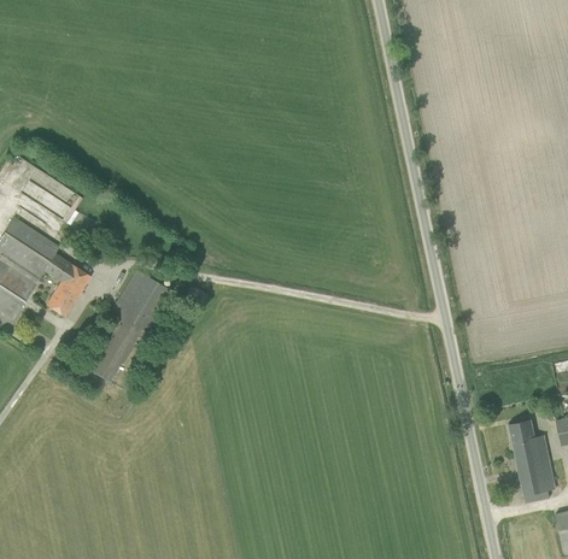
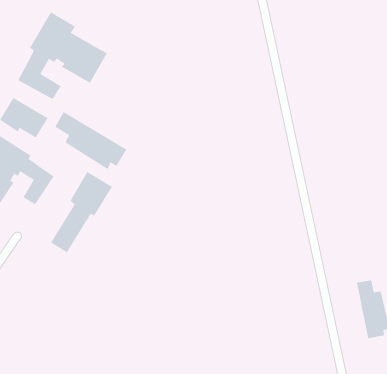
building: none -> [17,11,107,100]
building: none -> [55,111,127,170]

